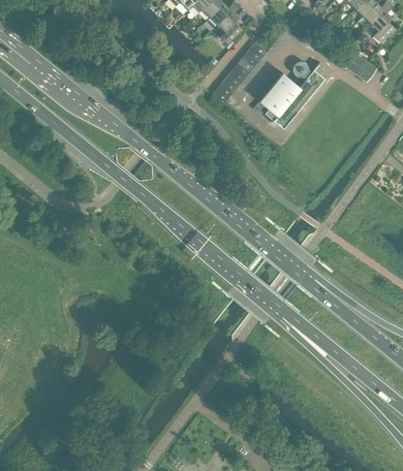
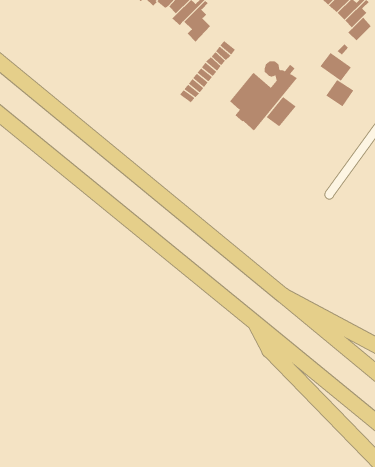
building: none -> [326,79,354,107]
building: none -> [266,96,297,127]

